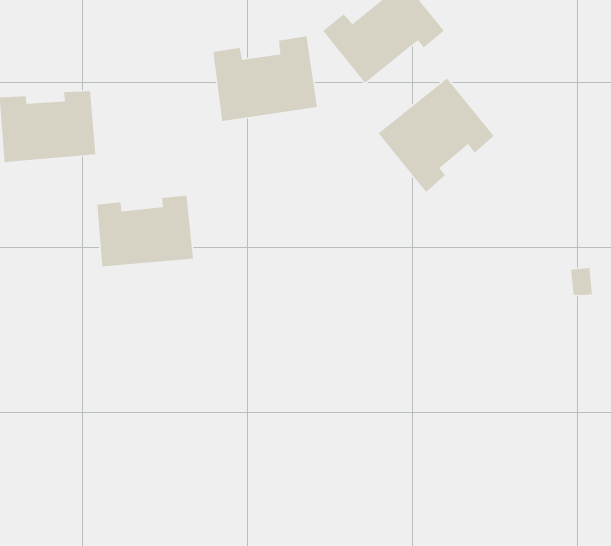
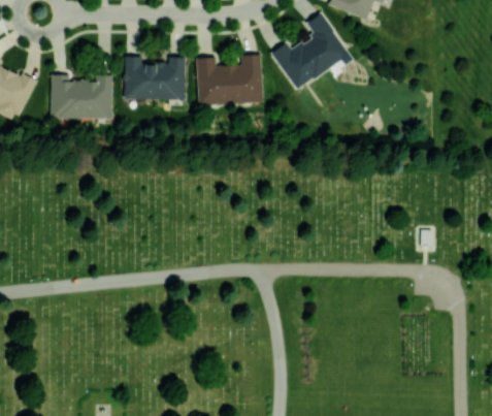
building: [377,77,495,193] -> none
building: [97,195,194,267] -> [124,56,186,99]

